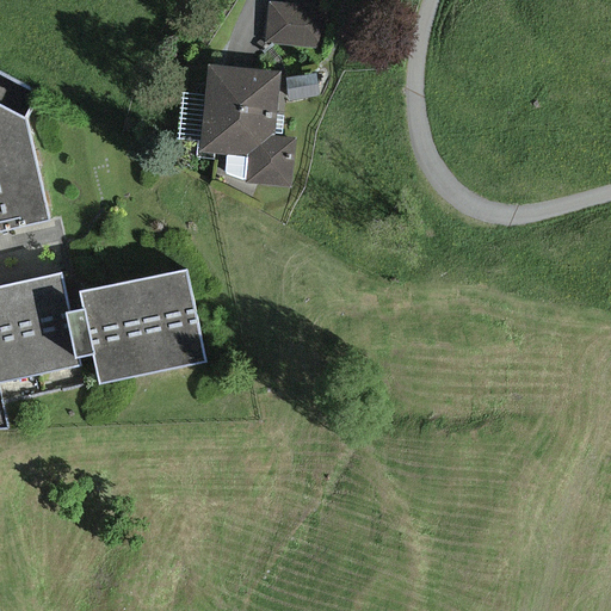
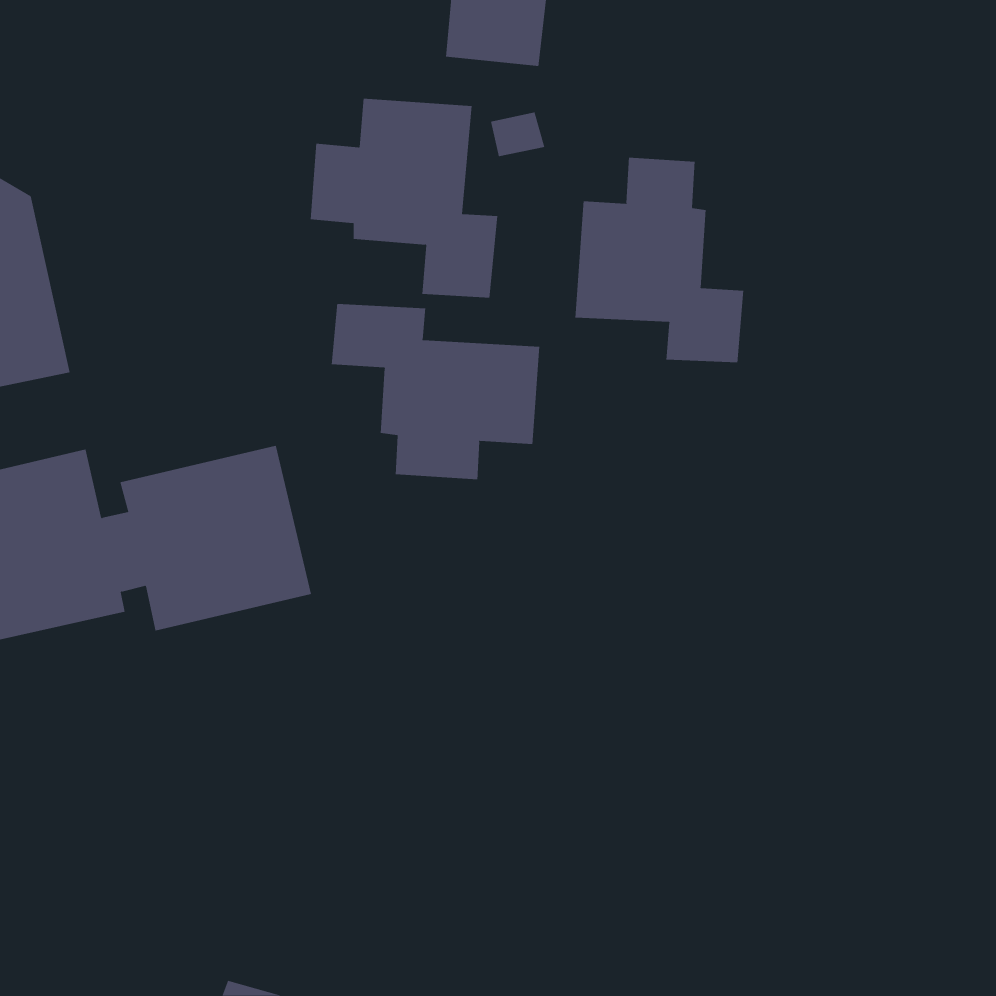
building: none -> [575,157,744,363]
building: none -> [331,303,540,480]

